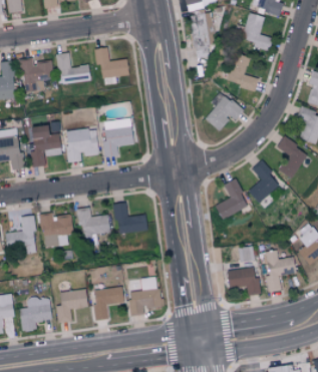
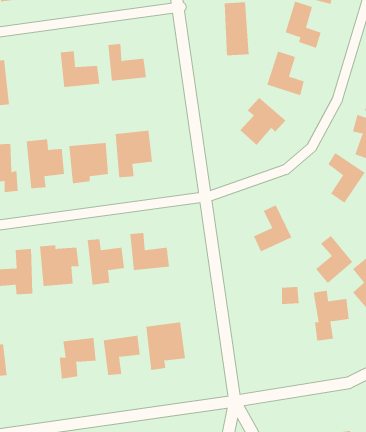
building: [19,57,53,93] -> none
building: [249,162,280,203] -> [315,235,353,284]
building: [227,268,260,295] -> none
building: [19,298,49,331] -> none

